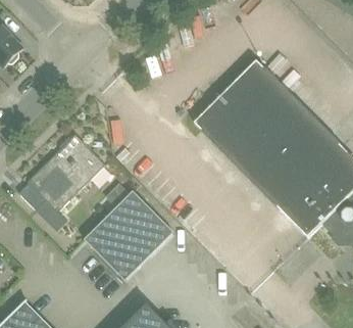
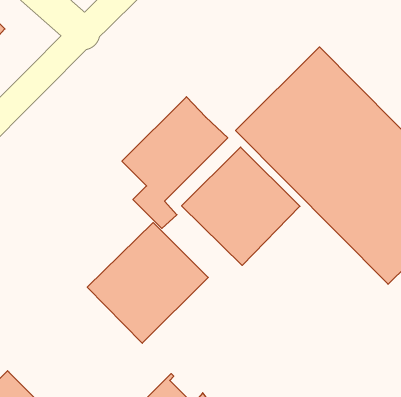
building: [27,133,105,231] -> [122,97,228,228]
building: none -> [182,147,300,265]

